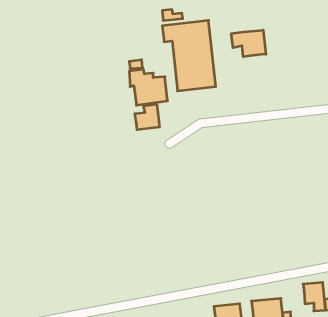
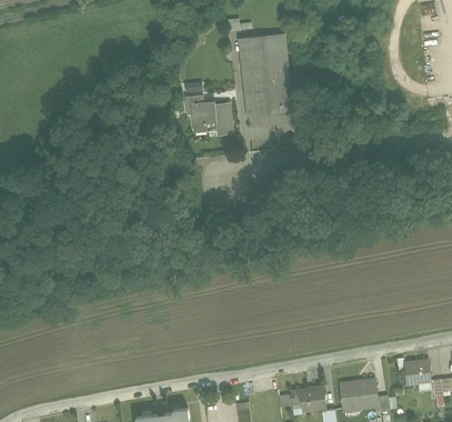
building: [231,30,266,57] -> none
building: [135,104,159,130] -> none

